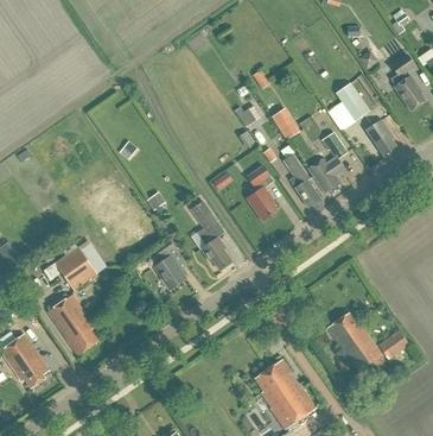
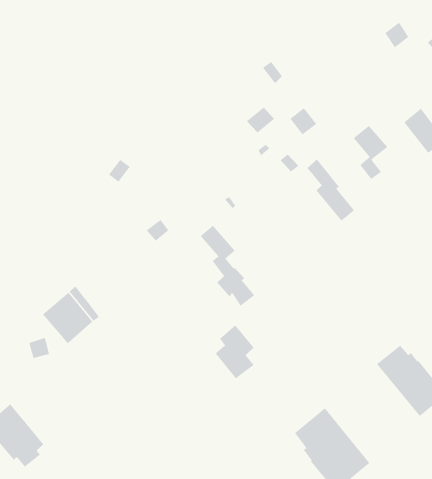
building: [336,82,369,119] -> none
building: [306,157,340,195] -> none
building: [246,165,276,220] -> none
building: [153,244,186,289] -> [215,324,255,379]
building: [46,293,97,355] -> none

